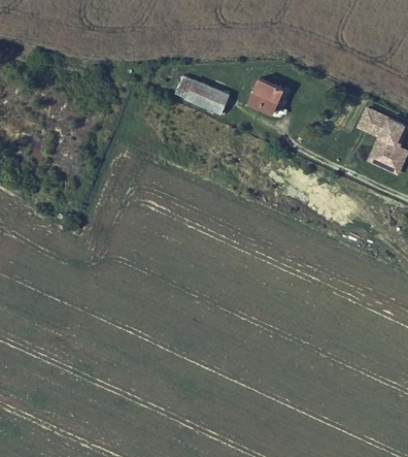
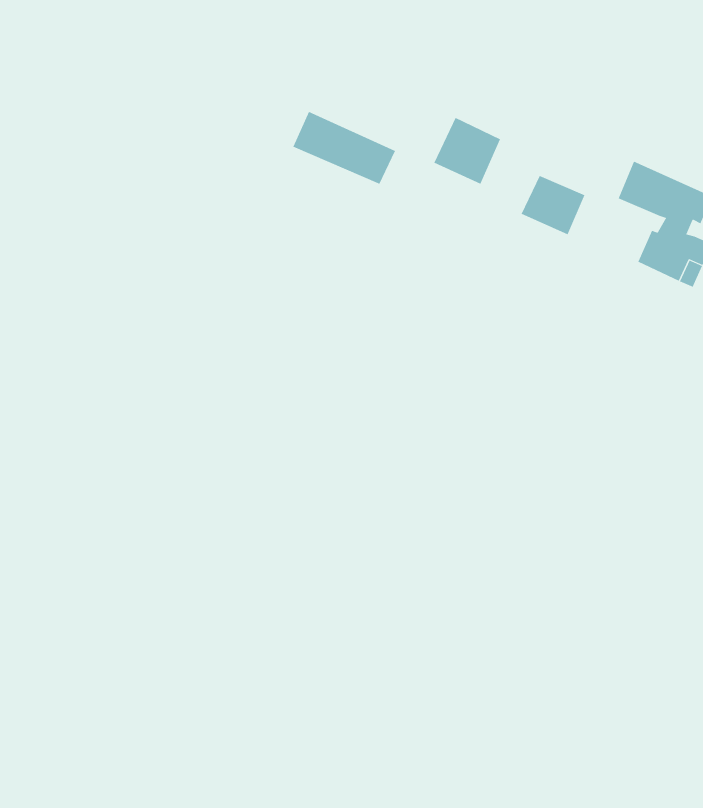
building: none -> [521,175,585,235]

